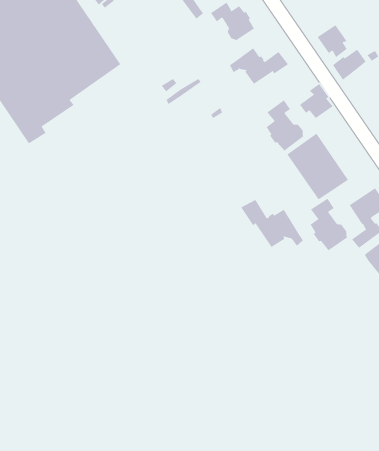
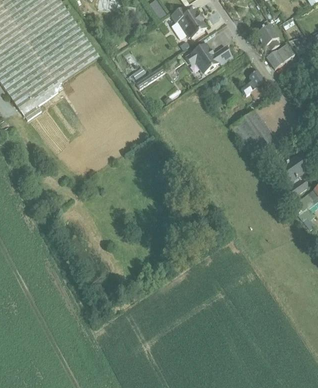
building: [266,99,304,151] -> none
building: [310,198,348,251] -> none
building: [240,199,303,248] -> none

